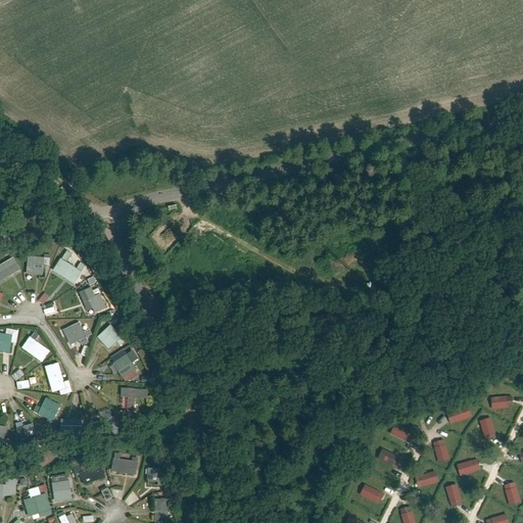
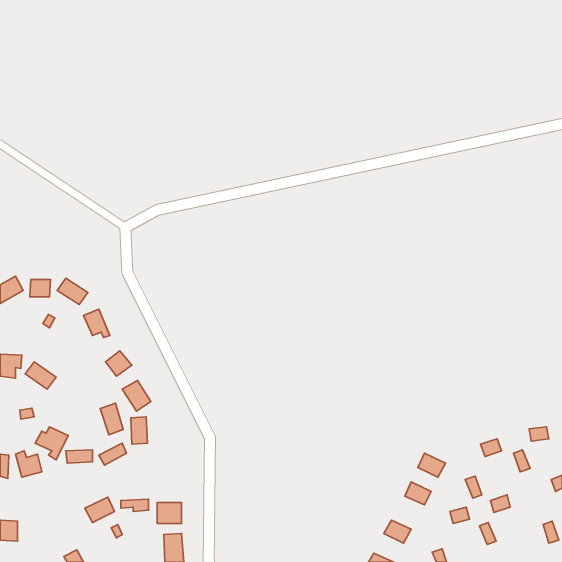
building: [63,321,89,346] -> none
building: [46,362,67,391] -> [100,403,123,435]
building: [53,473,74,501] -> none
building: [25,490,52,517] -> none

